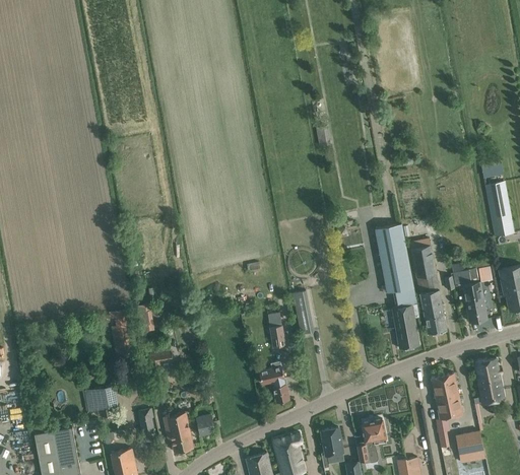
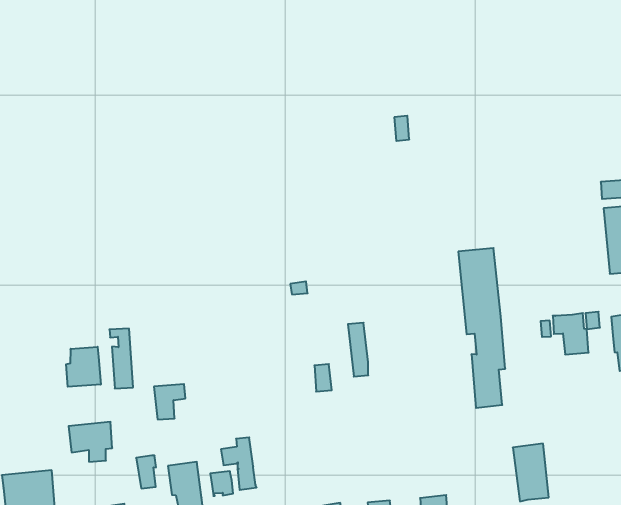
building: [410,239,447,335] -> none
building: [465,299,488,323] -> none
building: none -> [66,347,101,387]
building: [474,358,504,404] -> none
building: [259,361,289,403] -> [221,437,257,490]

